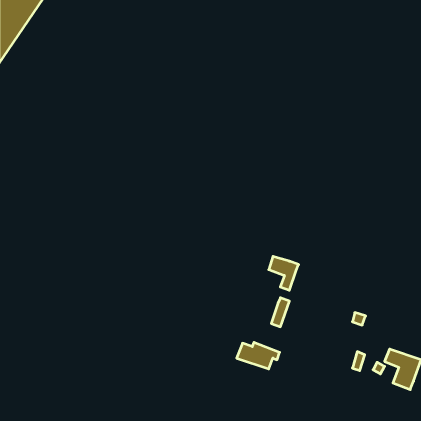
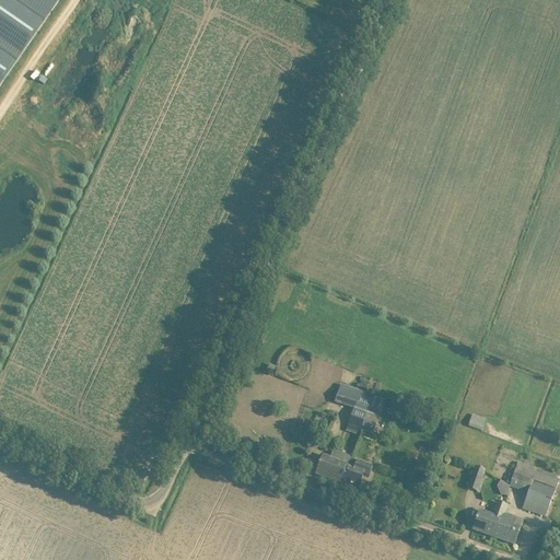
building: [269,256,299,290] -> [331,383,371,428]
building: none -> [470,500,521,544]

